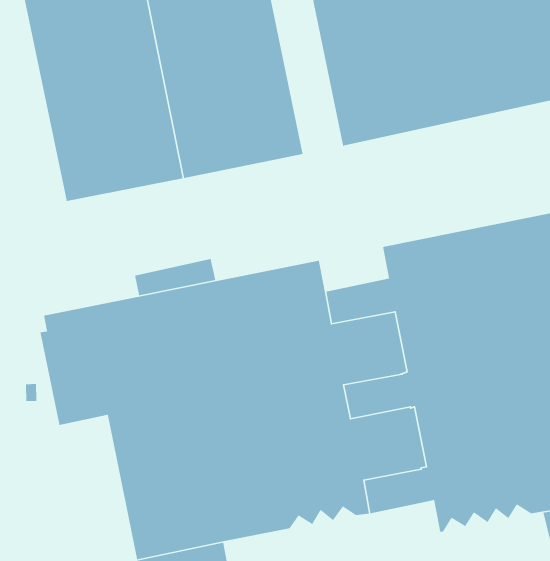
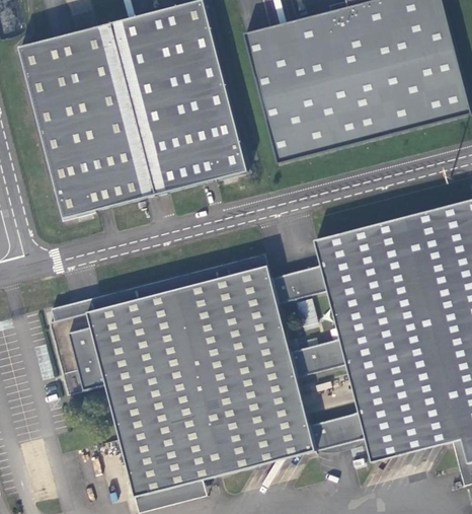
building: [134,258,216,296] -> none

